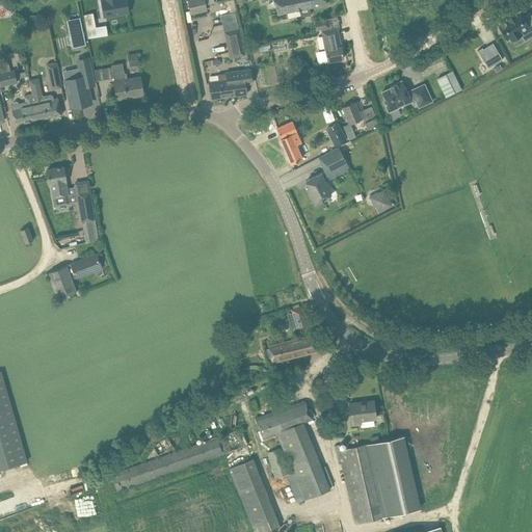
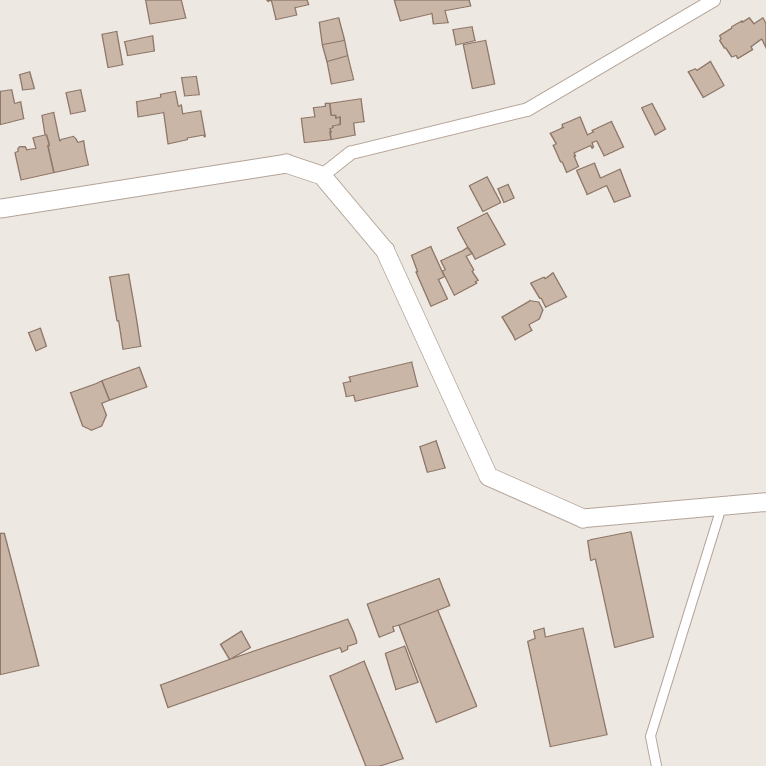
building: [65,59,94,108] -> none
building: [342,102,379,129] -> [577,163,631,202]
building: [277,122,302,163] -> [411,246,447,306]
building: [47,166,69,206] -> none
building: none -> [502,300,543,340]
building: [264,336,316,363] -> [343,362,418,401]
building: [349,400,375,427] -> none
building: [336,445,381,525] -> [588,532,654,647]

